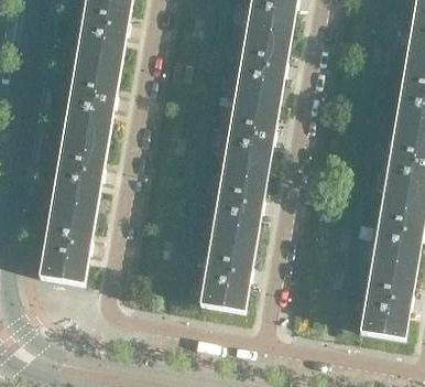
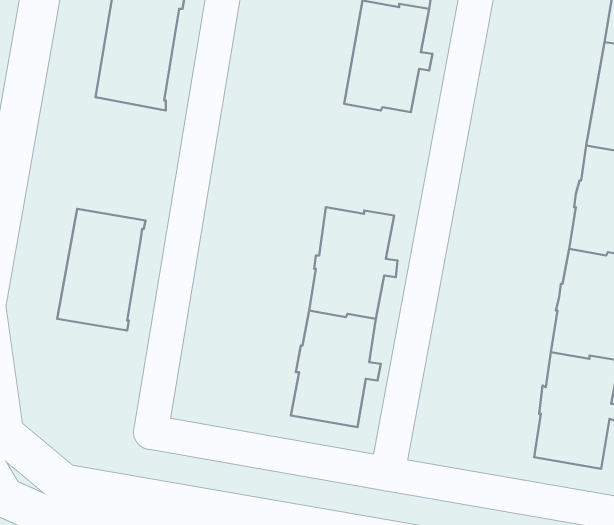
building: [58,94,117,175] -> none
building: [222,98,282,172] -> none
building: [40,240,91,284] -> none

